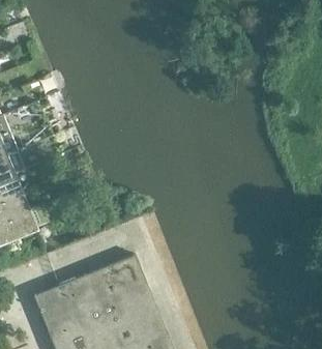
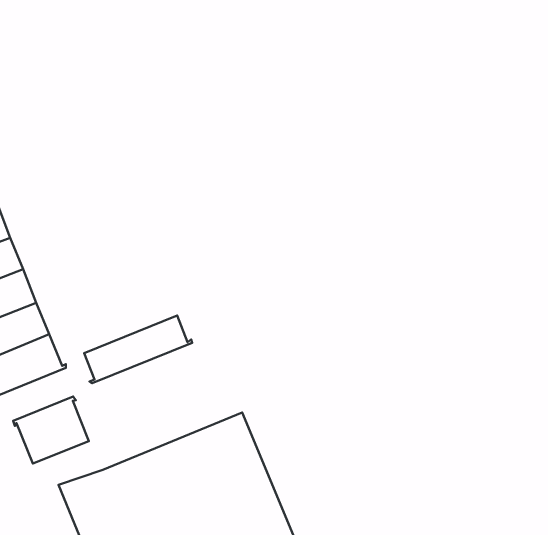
building: none -> [84,316,192,383]
building: none -> [13,397,89,463]

